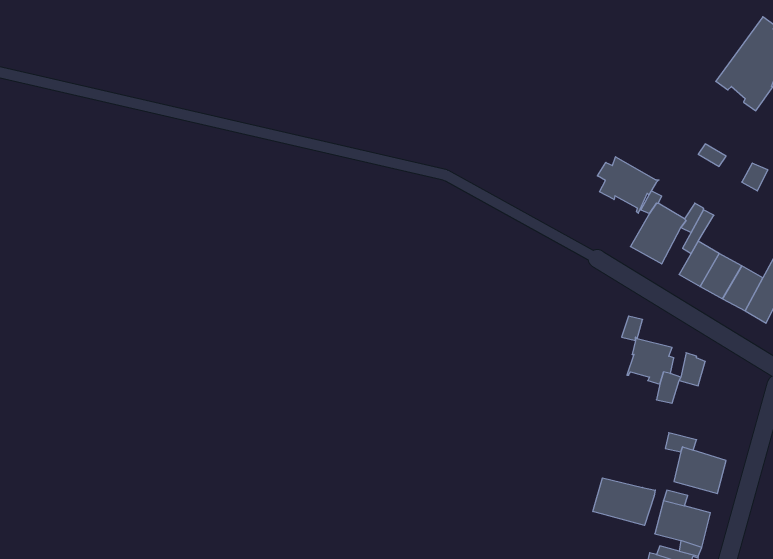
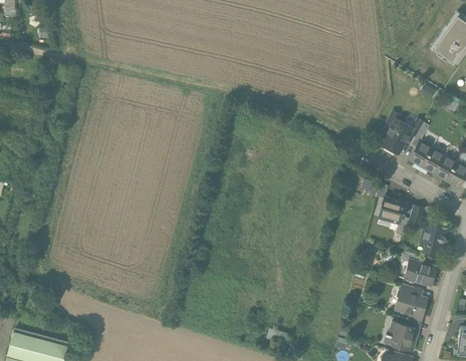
building: [597,157,659,213] -> none
building: none -> [420,218,447,256]
building: [593,478,655,525] -> none

